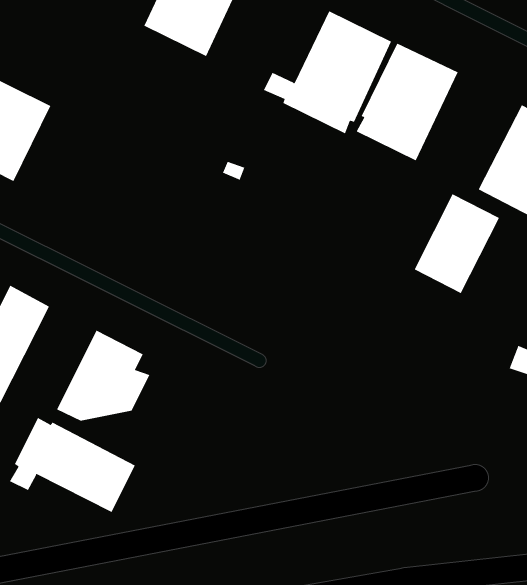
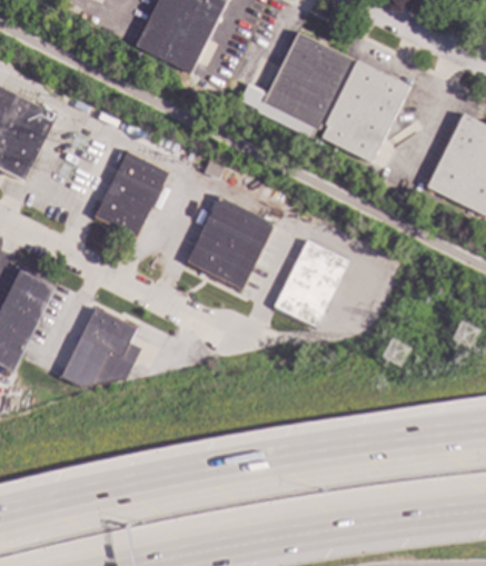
building: none -> [95,150,168,237]
building: [414,194,500,294] -> [274,239,348,326]
building: none -> [186,196,274,289]
building: [9,417,136,513] -> none

